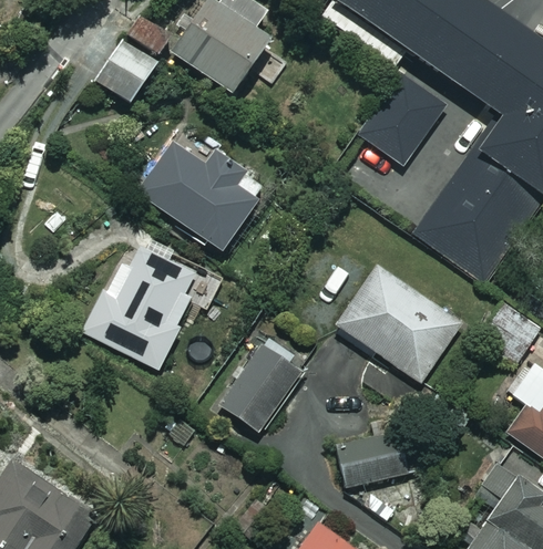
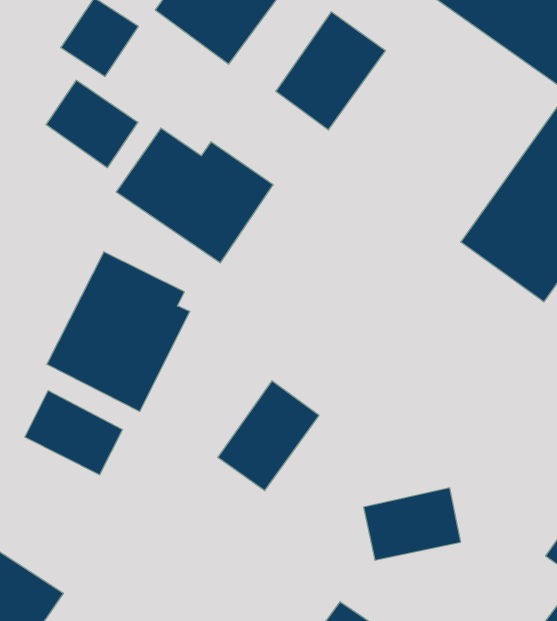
building: [357,73,444,167] -> [276,12,385,130]
building: none -> [46,80,138,168]
building: [336,265,463,384] -> none
building: none -> [25,391,122,475]

